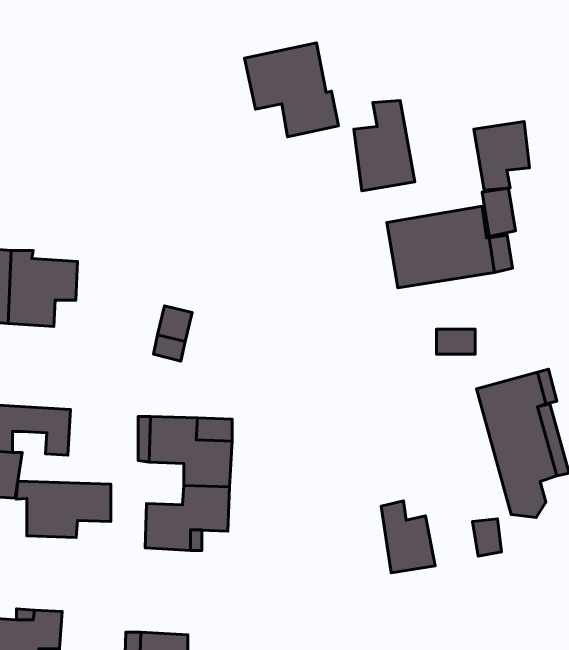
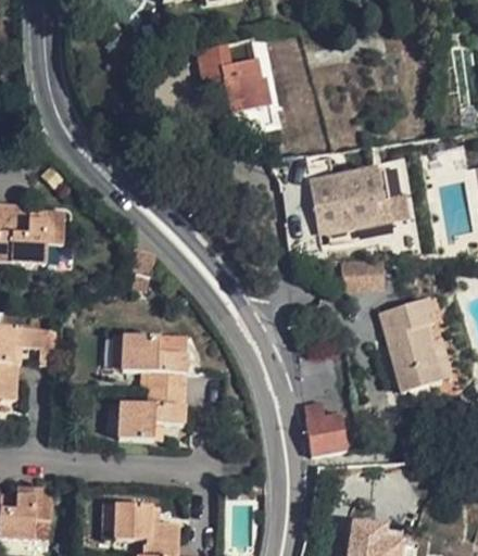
building: [354,101,415,191] -> none
building: [474,121,529,190] -> none
building: [16,481,111,537] -> none

